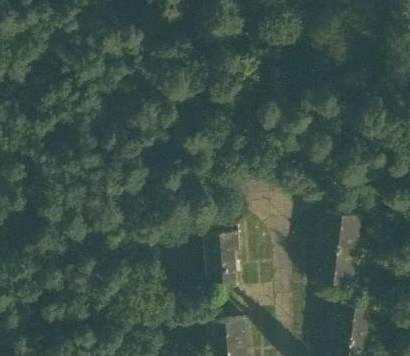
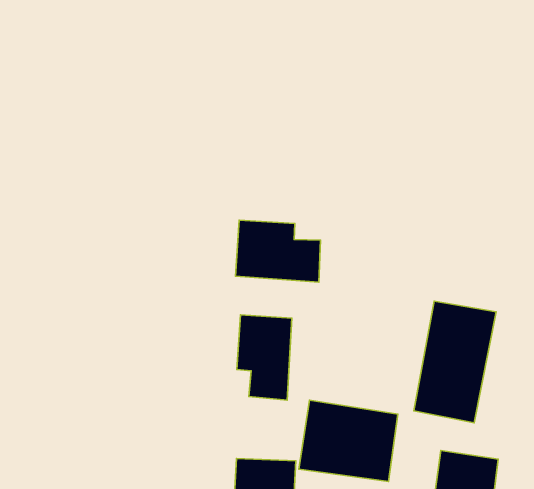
building: none -> [236,220,320,282]
building: none -> [299,400,398,482]

